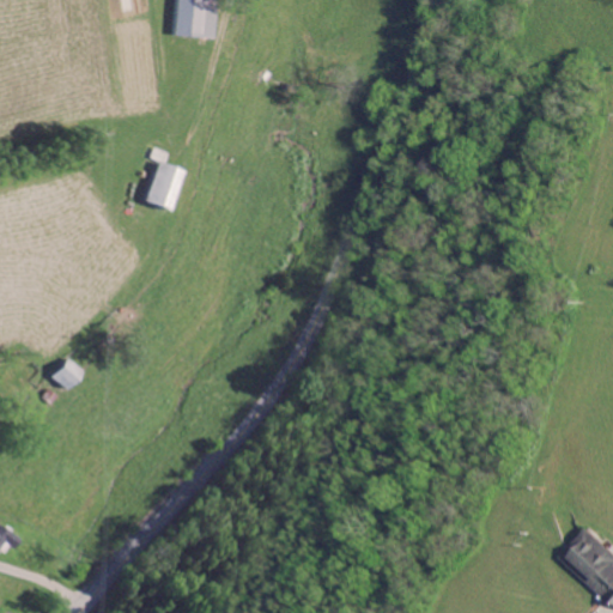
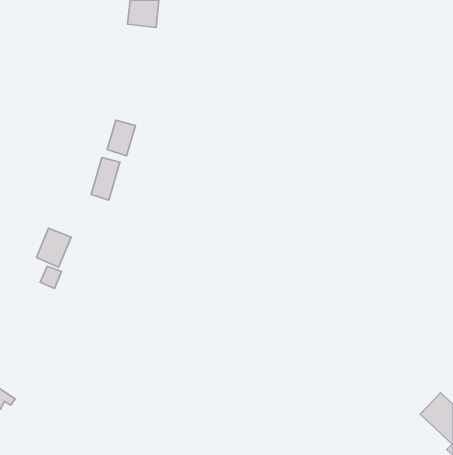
building: none -> [91,157,120,200]
building: none -> [36,228,71,267]

